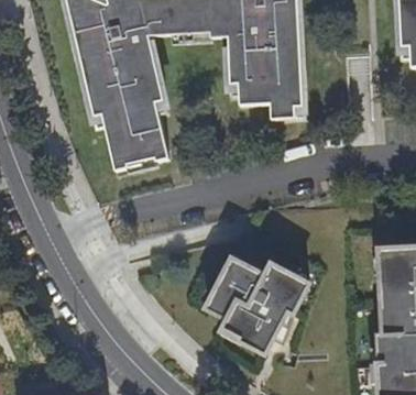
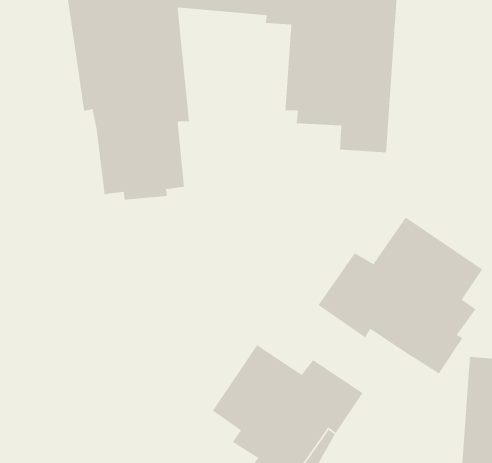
building: none -> [318,217,483,375]

